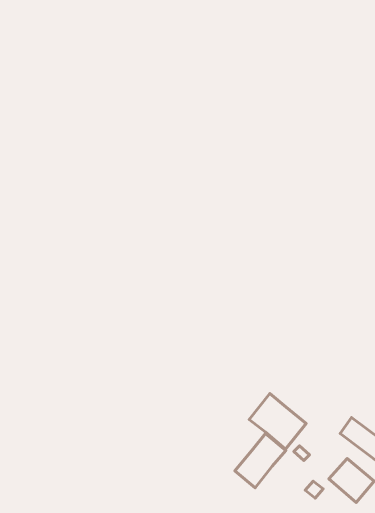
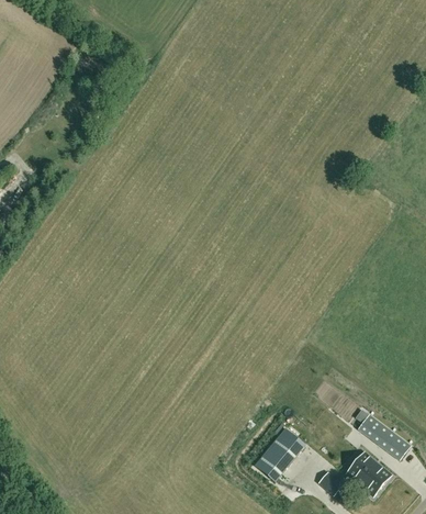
building: [249,394,306,449] -> none

